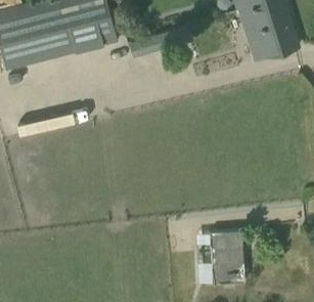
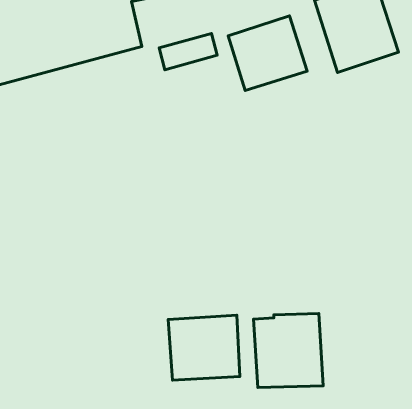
building: none -> [228,16,307,90]
building: none -> [168,315,240,380]

